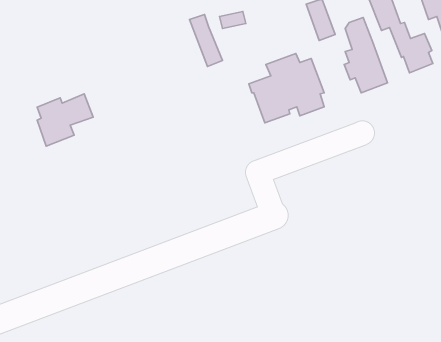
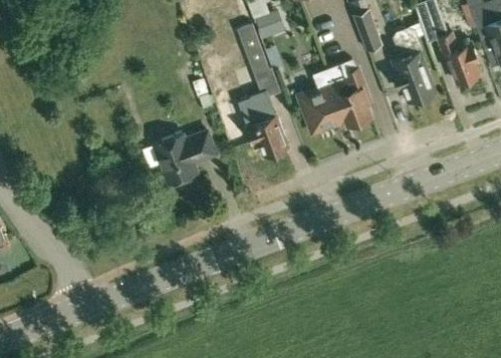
building: none -> [246,91,288,157]
building: [37,94,93,146] -> [160,132,216,185]

